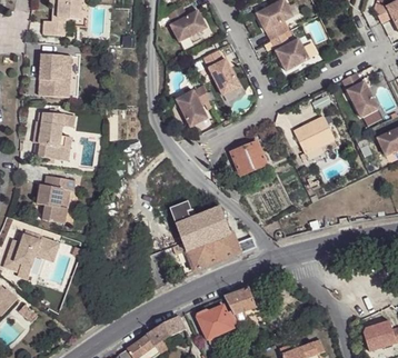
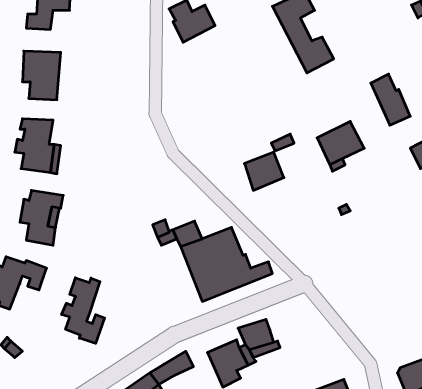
building: [202,52,239,97] -> none
building: [175,87,210,129] -> none
building: none -> [62,278,105,343]

